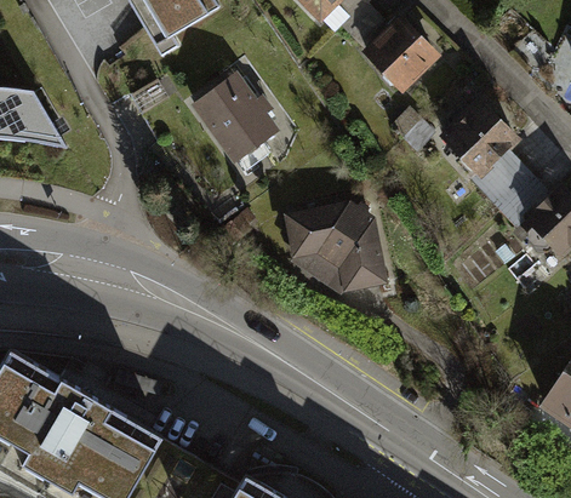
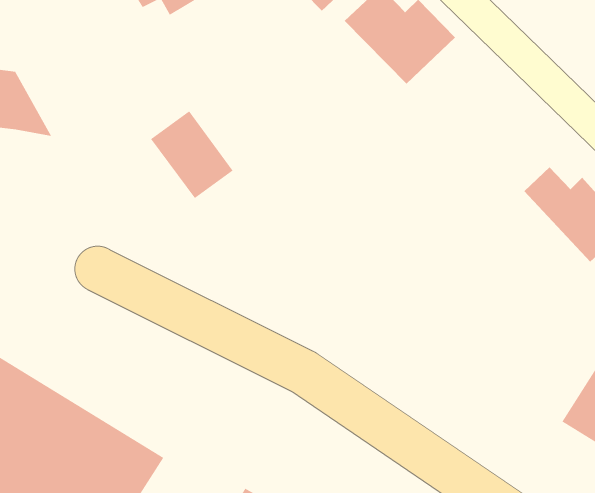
building: [207,87,285,170] -> [150,111,234,199]
building: [438,96,526,198] -> none
building: [289,195,393,288] -> none

